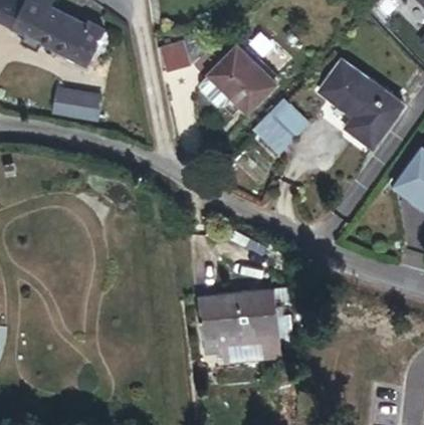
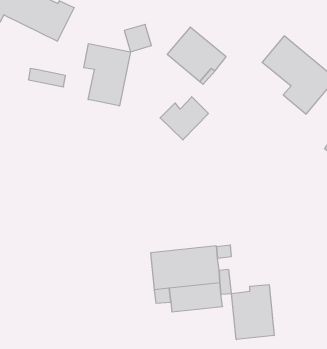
building: none -> [84,44,130,106]
building: [255,103,310,153] -> [160,97,208,140]
building: none -> [231,285,274,340]

